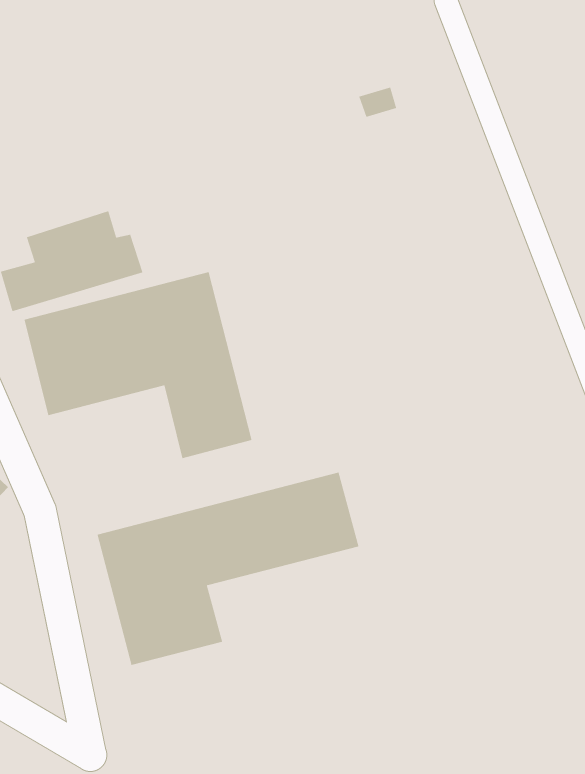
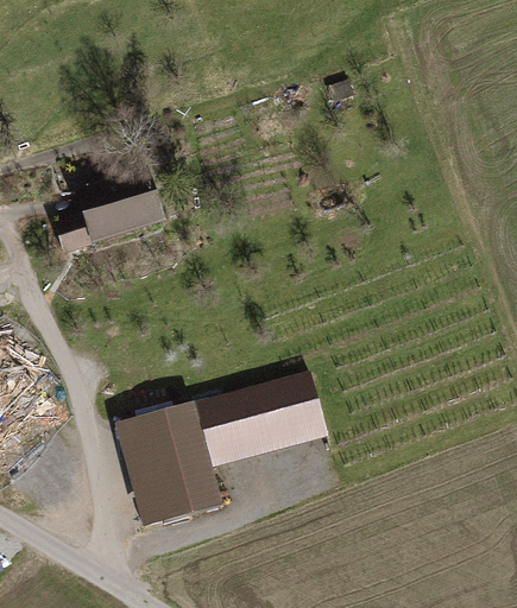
building: [23,271,252,459] -> none

